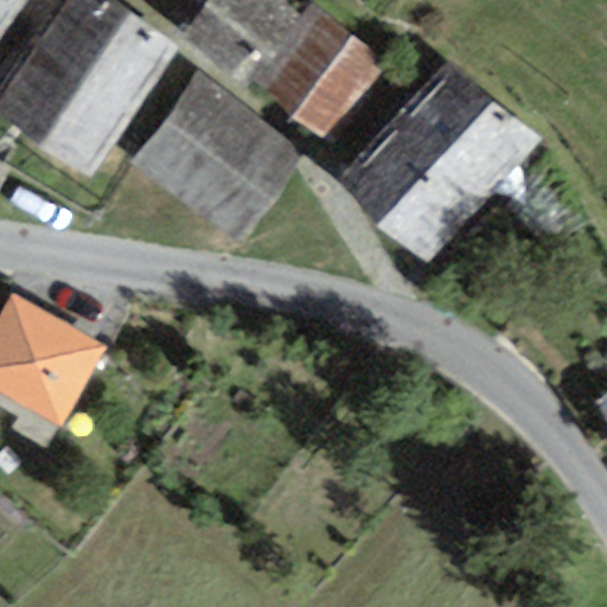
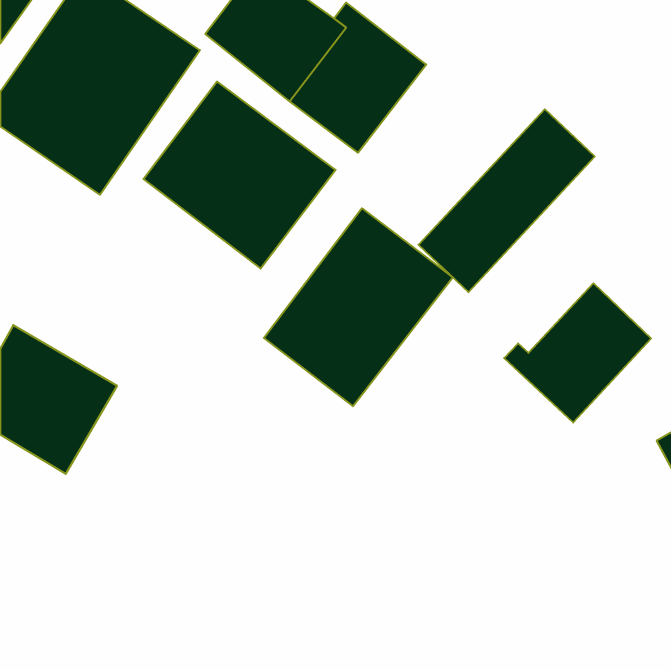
building: [336,59,492,221] -> none
building: none -> [264,208,453,406]
building: none -> [504,283,651,423]

